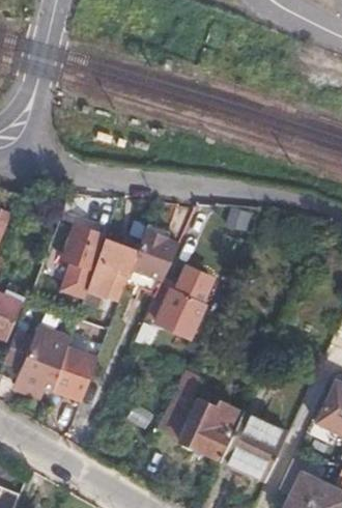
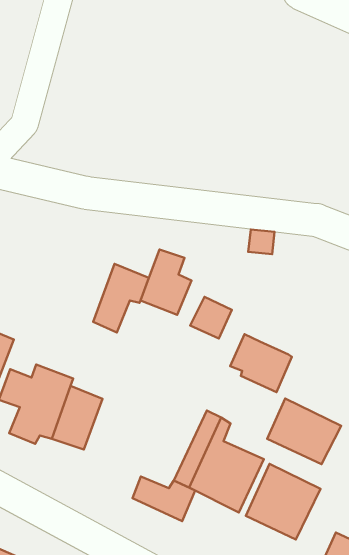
building: [64,223,110,299] -> none
building: [149,286,203,337] -> [230,334,292,392]
building: none -> [267,398,341,464]
building: none -> [132,476,195,521]

